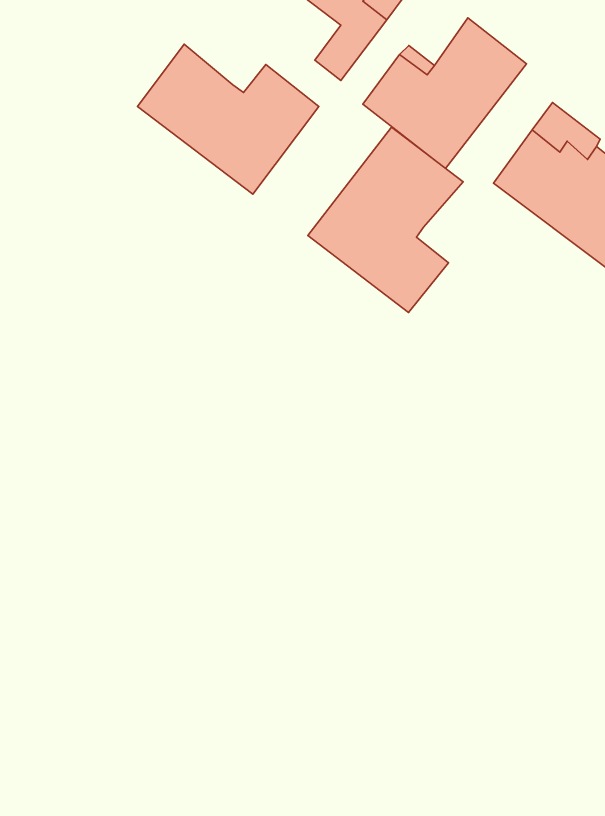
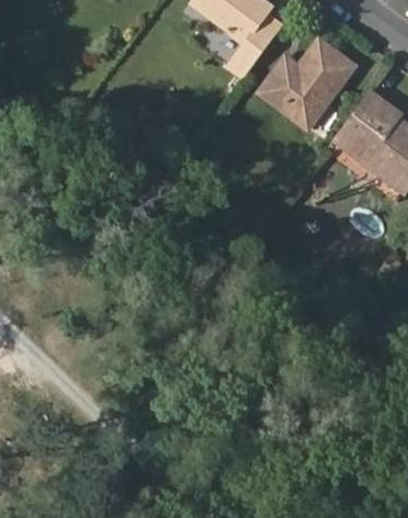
building: [137,44,319,194] -> none
building: [308,127,463,313] -> none

